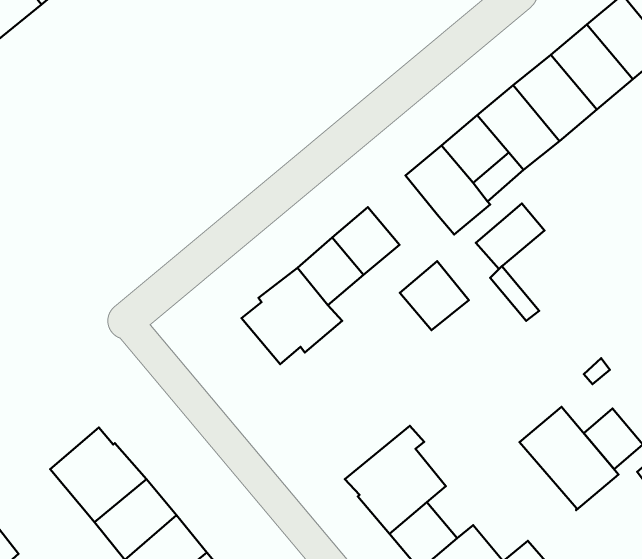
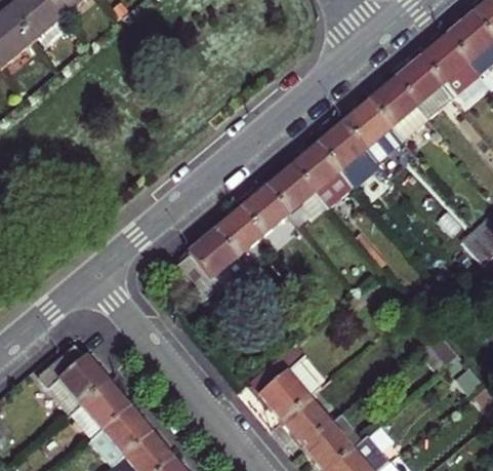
building: [476,203,545,269] -> none
building: [400,261,469,330] -> [265,163,315,212]
building: [519,407,619,510] -> none

